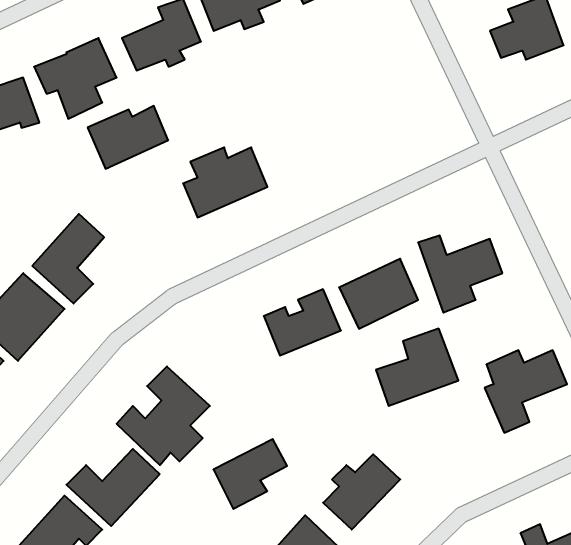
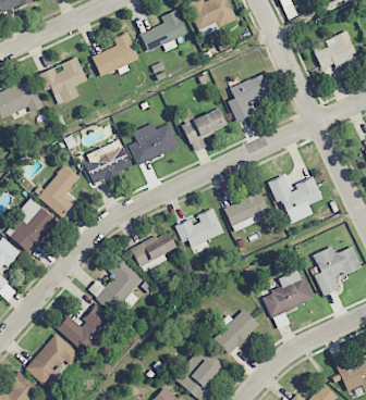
building: none -> [229,74,271,122]
building: [88,106,168,169] -> [83,146,132,184]
building: none -> [182,107,228,140]
building: [376,329,458,406] -> [263,270,313,316]
building: [213,439,287,509] -> [132,230,176,273]

